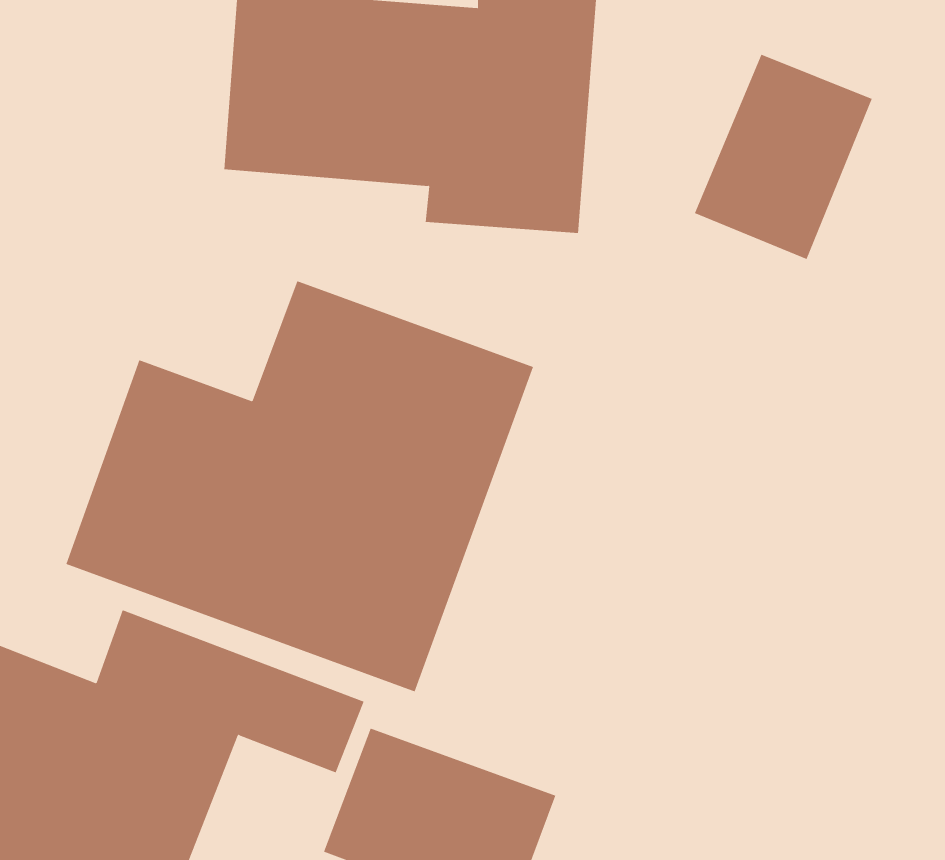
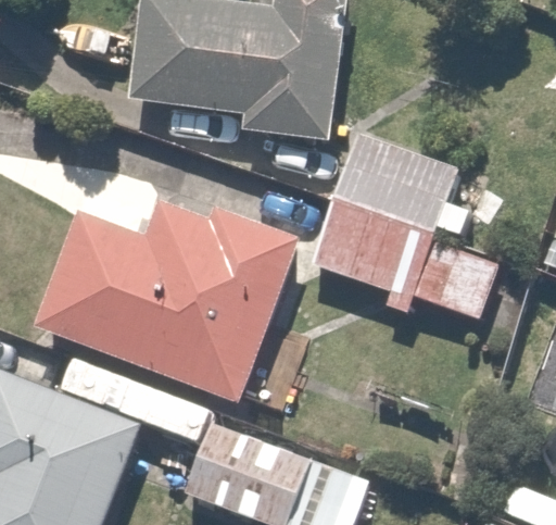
building: [694,54,872,260] -> none
building: none -> [308,133,500,329]

